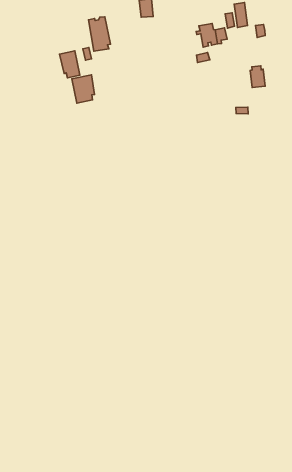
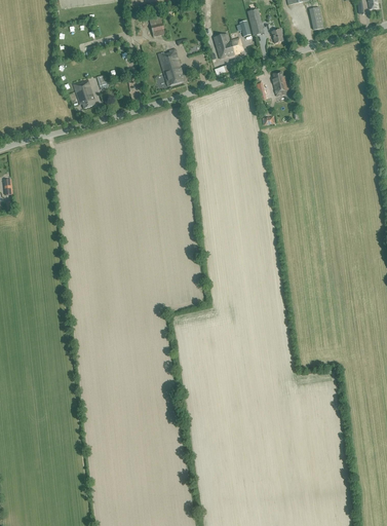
building: [88,17,110,51] -> [158,48,184,85]
building: [72,75,95,103] -> none

